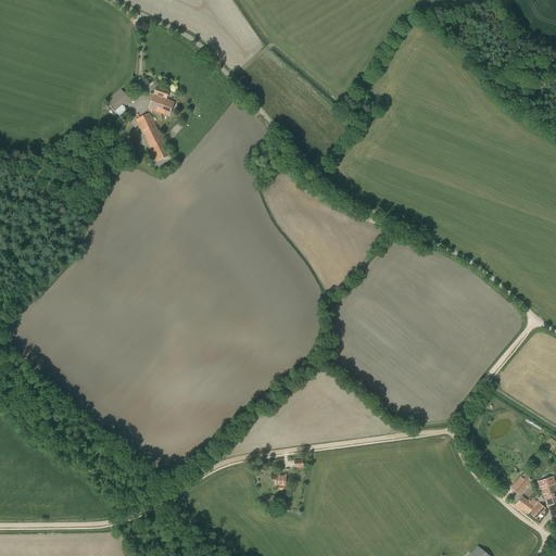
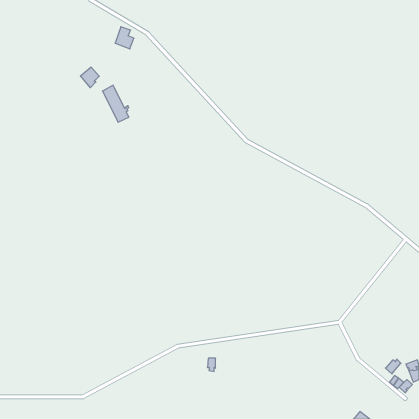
building: [149,87,174,116] -> [115,27,134,49]

